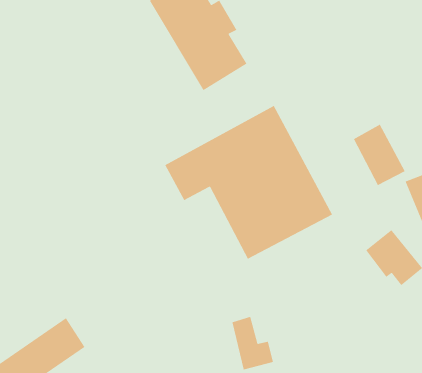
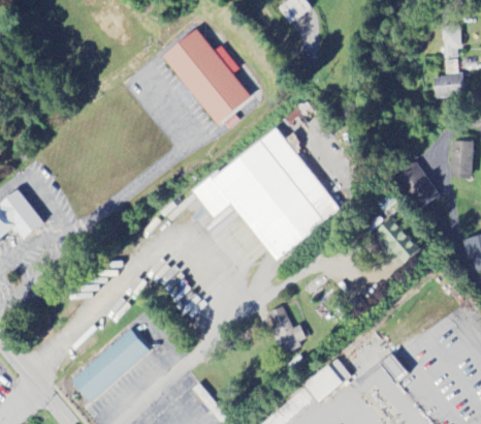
building: [353,123,406,186] -> none

